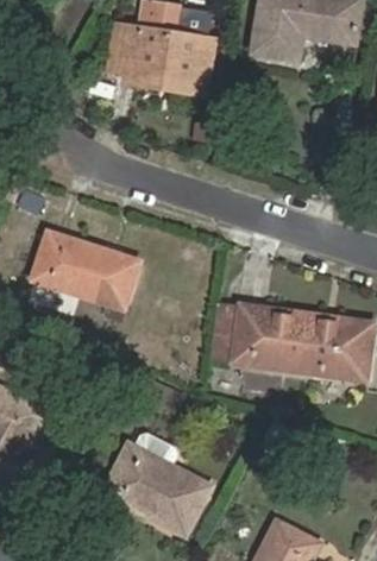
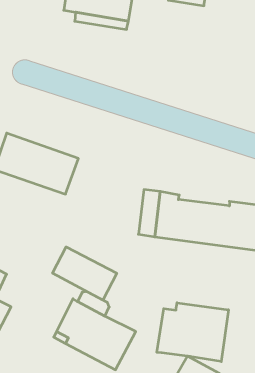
building: none -> [53,247,117,300]
building: none -> [157,303,228,362]

